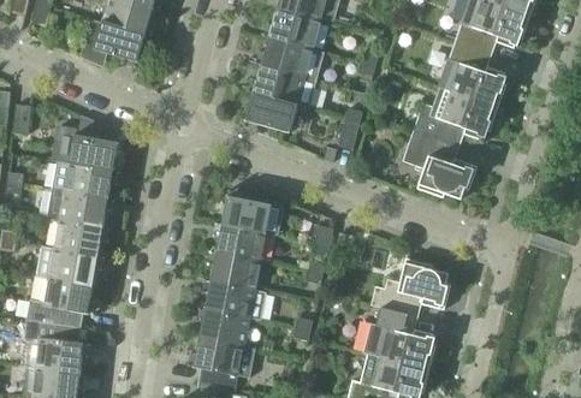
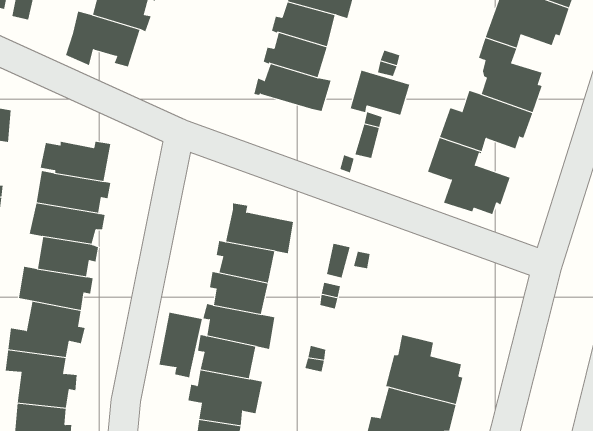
building: [243,91,297,132] -> [350,70,410,115]
building: [370,257,450,314] -> none
building: none -> [159,312,202,378]

